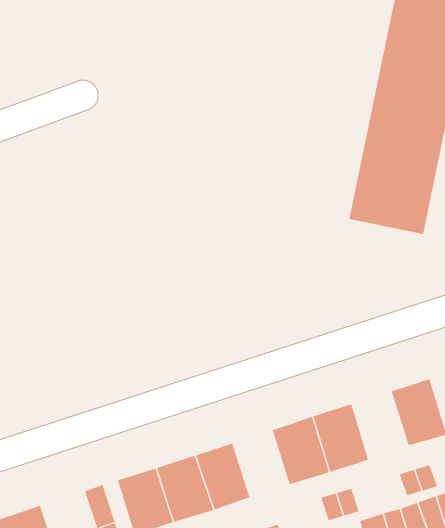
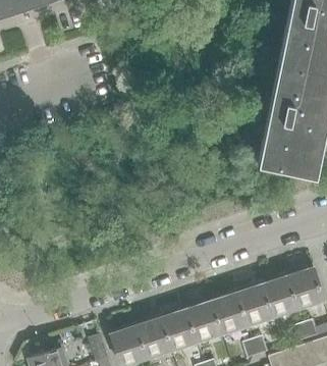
building: none -> [264,273,301,318]
building: none -> [186,299,223,343]

